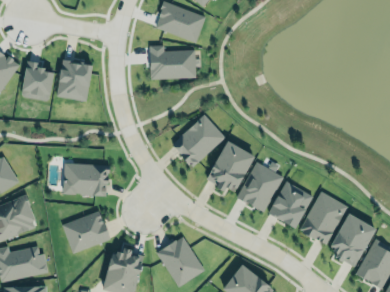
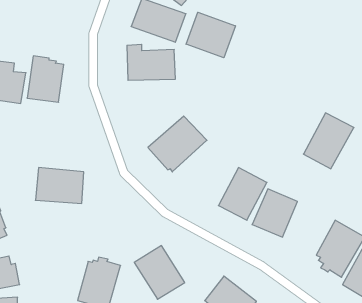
building: none -> [186,12,235,58]
building: [205,140,254,195] -> none
building: [300,192,348,245] -> [303,113,354,169]
building: [62,210,111,253] -> none

